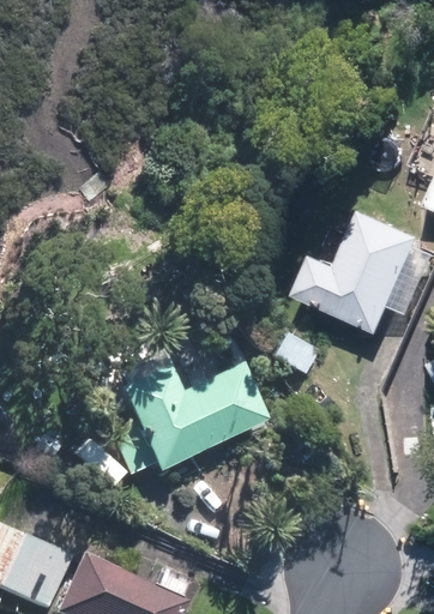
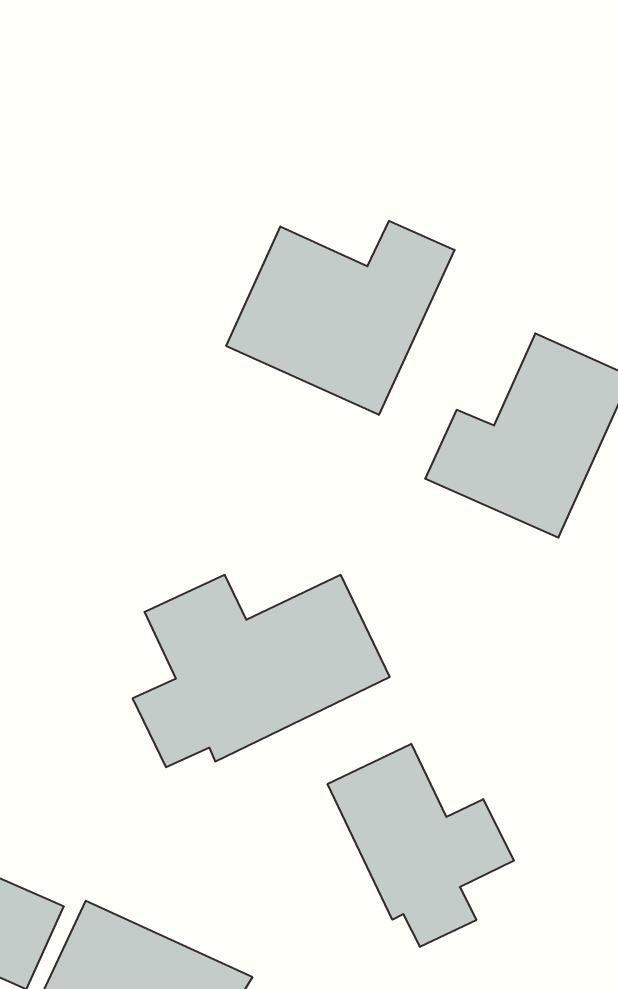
building: none -> [226,221,455,415]
building: none -> [328,744,514,947]

